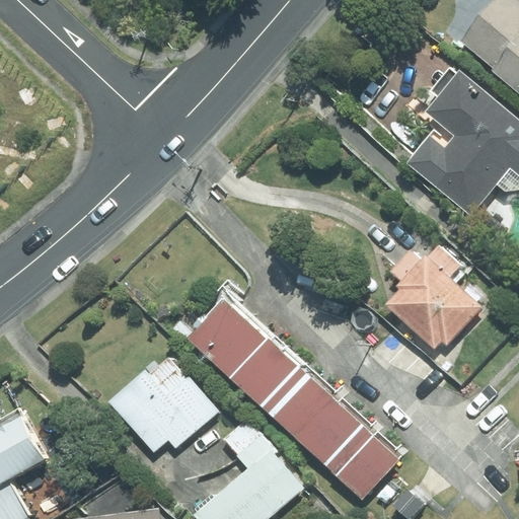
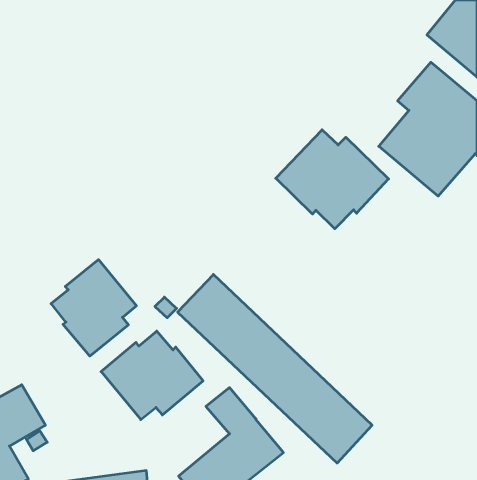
building: none -> [276,130,389,229]
building: [385,249,483,350] -> none
building: none -> [51,260,136,356]

